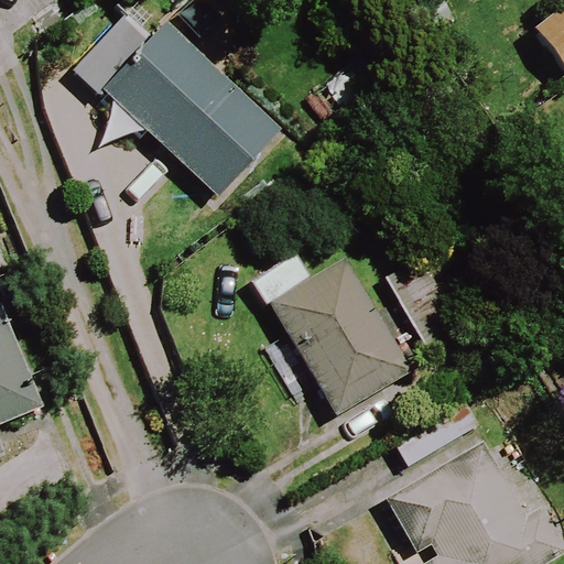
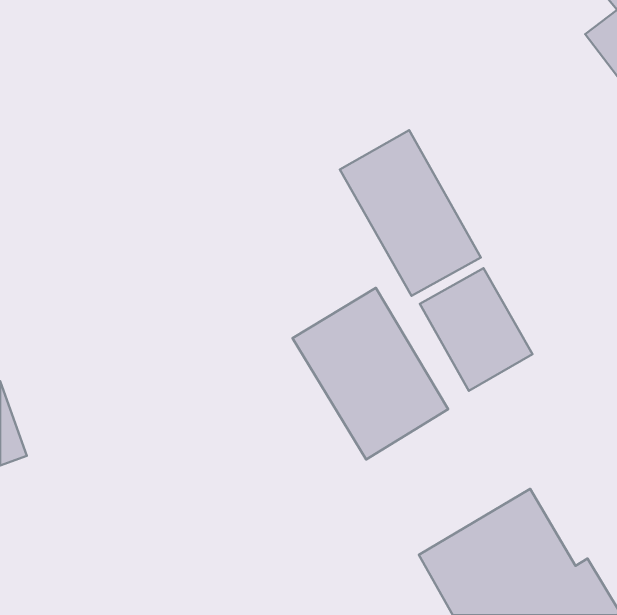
building: [77,15,282,199] -> none
building: none -> [340,130,481,296]

